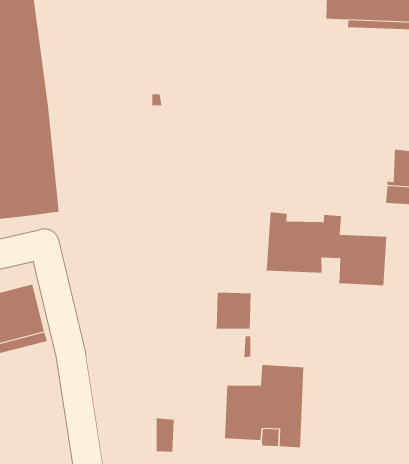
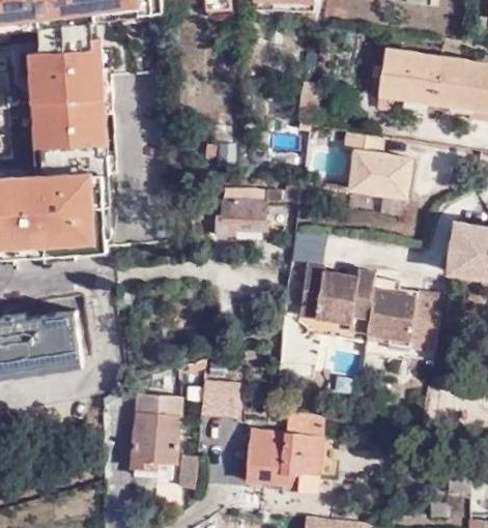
building: none -> [347,125,418,194]
building: none -> [217,176,304,236]
building: [216,292,252,329] -> [203,379,240,417]
building: none -> [131,400,181,471]

